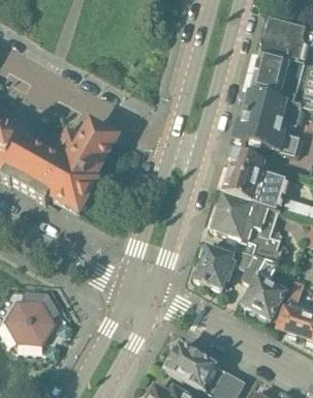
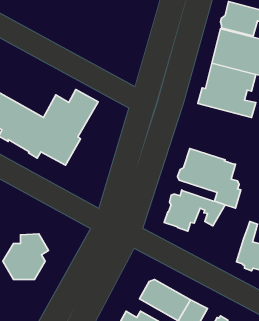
building: [220,151,284,210] -> none
building: [240,257,285,319] -> none

